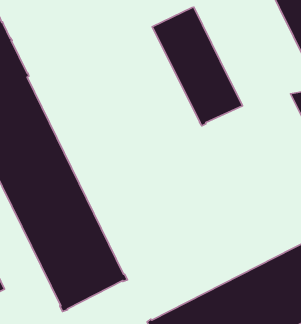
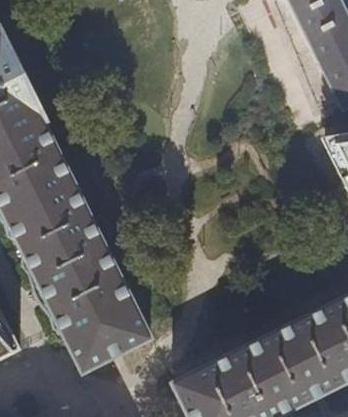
building: [152,7,243,126] -> none

